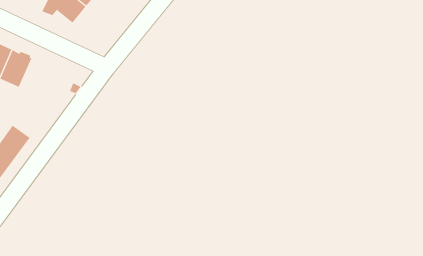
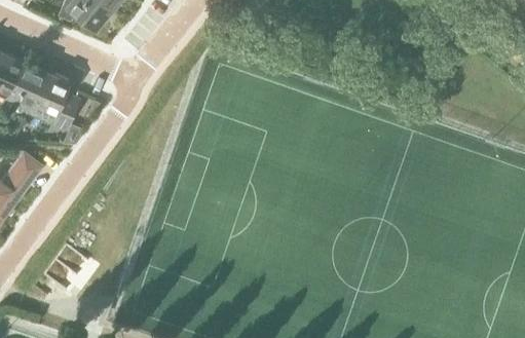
building: none -> [31,72,81,129]

